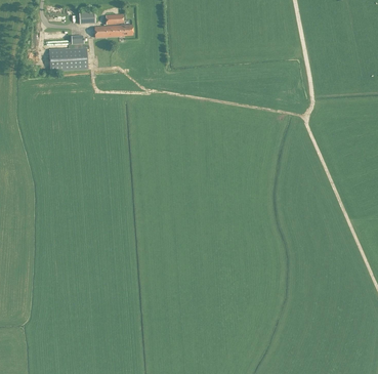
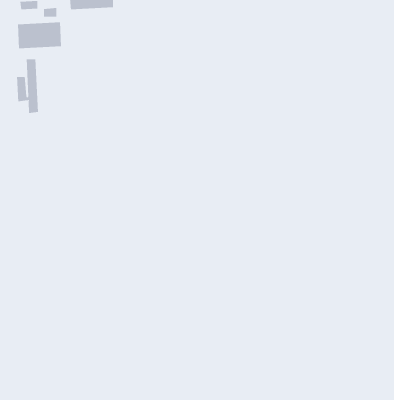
building: none -> [17,59,39,114]

